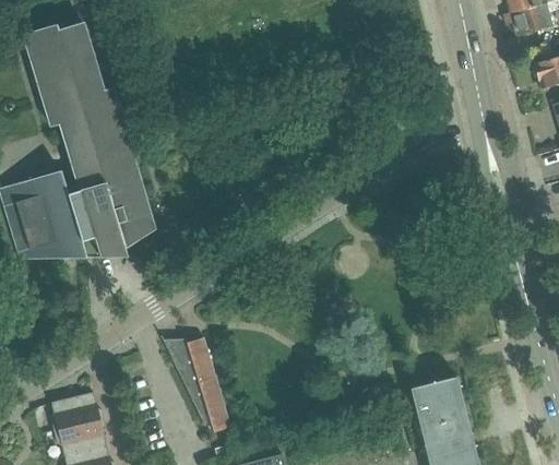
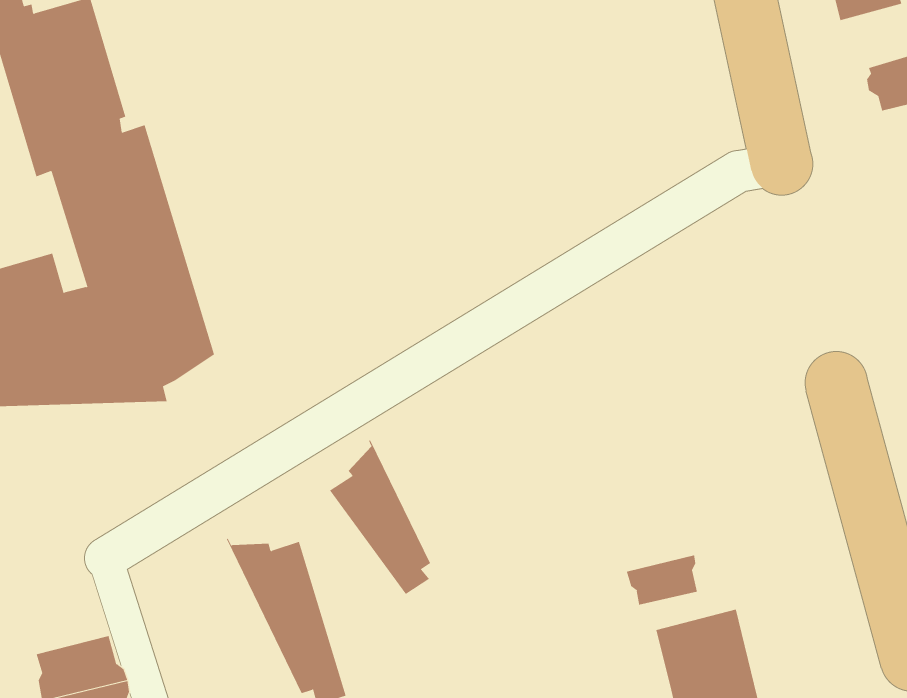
building: none -> [329,440,431,595]
building: none -> [626,555,697,606]

